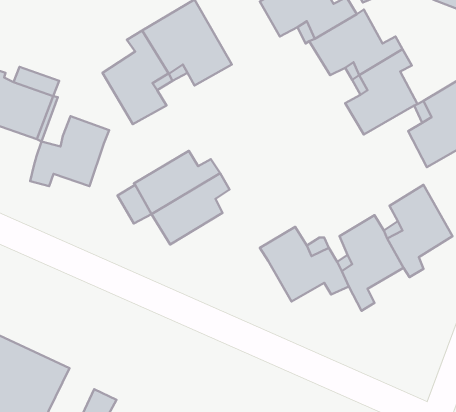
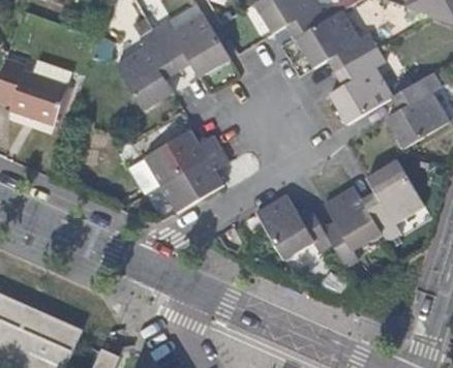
building: [30,116,109,186] -> none

